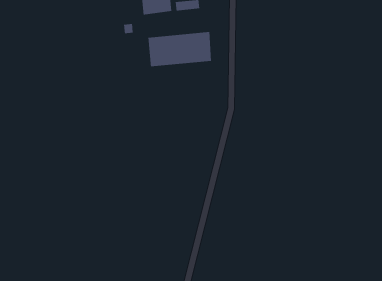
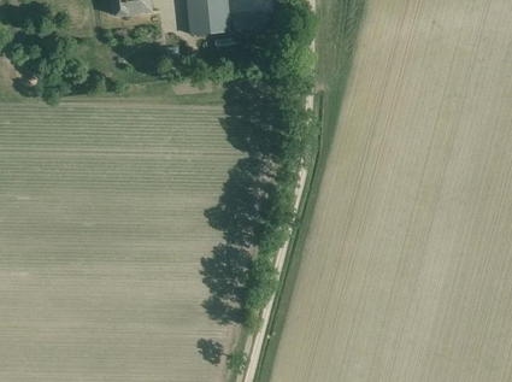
building: [148,31,211,67] -> none

